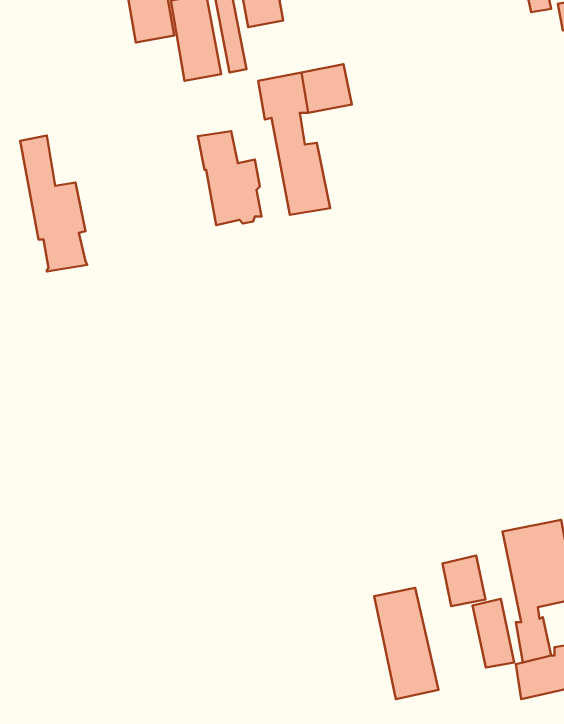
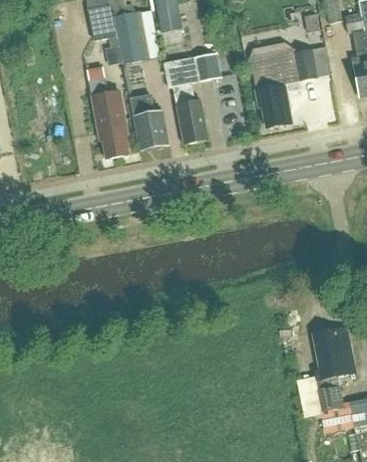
building: none -> [252,43,317,127]
building: [20,136,87,271] -> [88,76,128,158]
building: [443,555,486,606] -> none
building: [374,588,439,699] -> none

